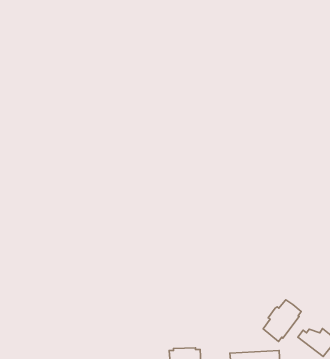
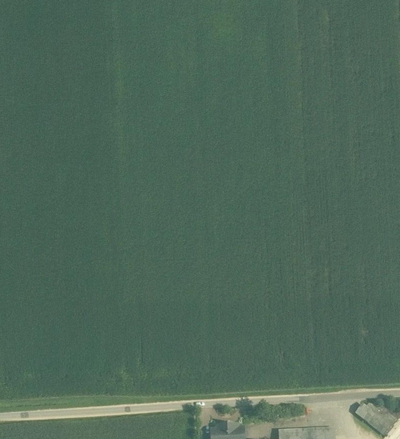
building: [263,300,301,342] -> none

